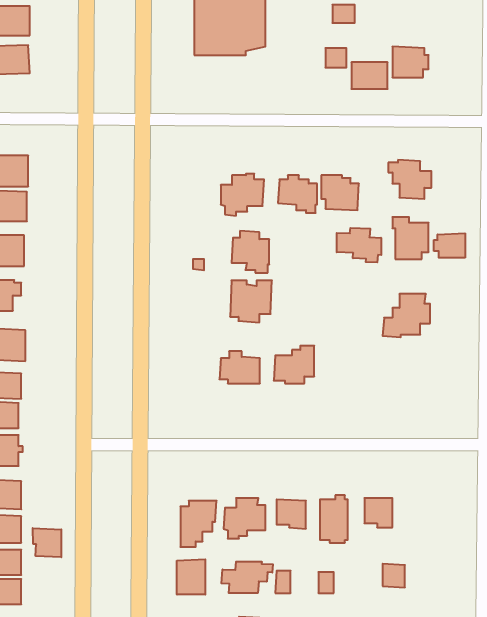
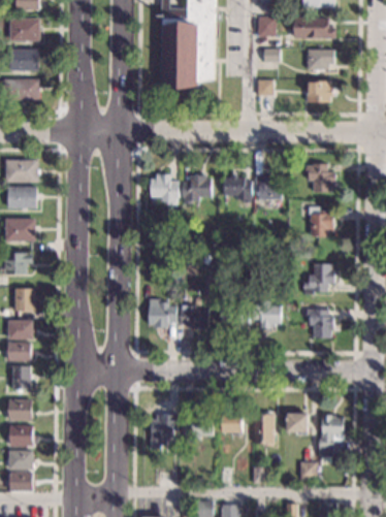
building: [351,62,388,89] -> [308,50,334,69]
building: [337,228,381,262] -> none
building: [232,231,269,273] -> [150,173,178,204]
building: [434,233,465,258] -> none
building: [230,280,272,322] -> [148,298,179,329]
building: none -> [252,300,281,328]
building: none -> [304,309,335,338]
building: none -> [318,414,345,456]
building: [33,528,61,557] -> none
building: [177,559,205,595] -> none
building: [221,562,273,593] -> none

